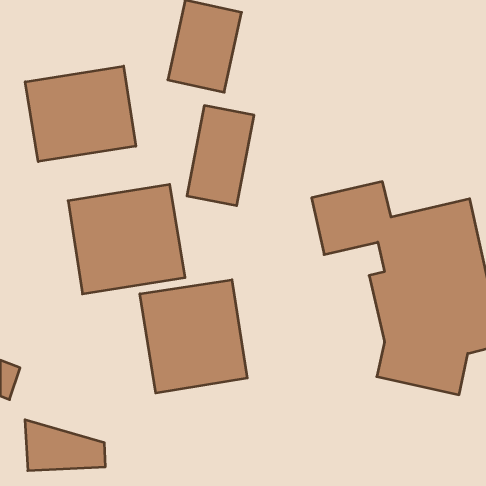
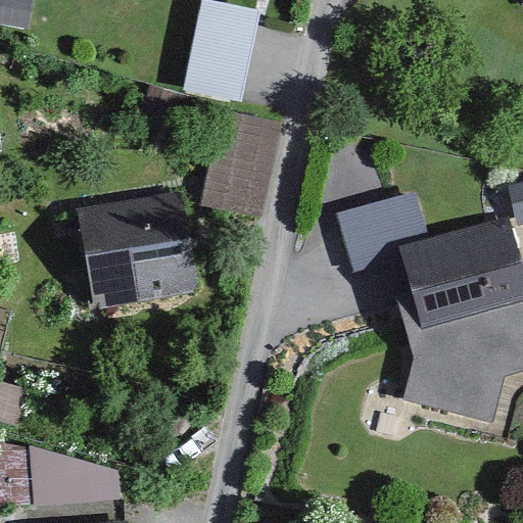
building: [25,66,136,162] -> none
building: [140,280,247,393] -> none

